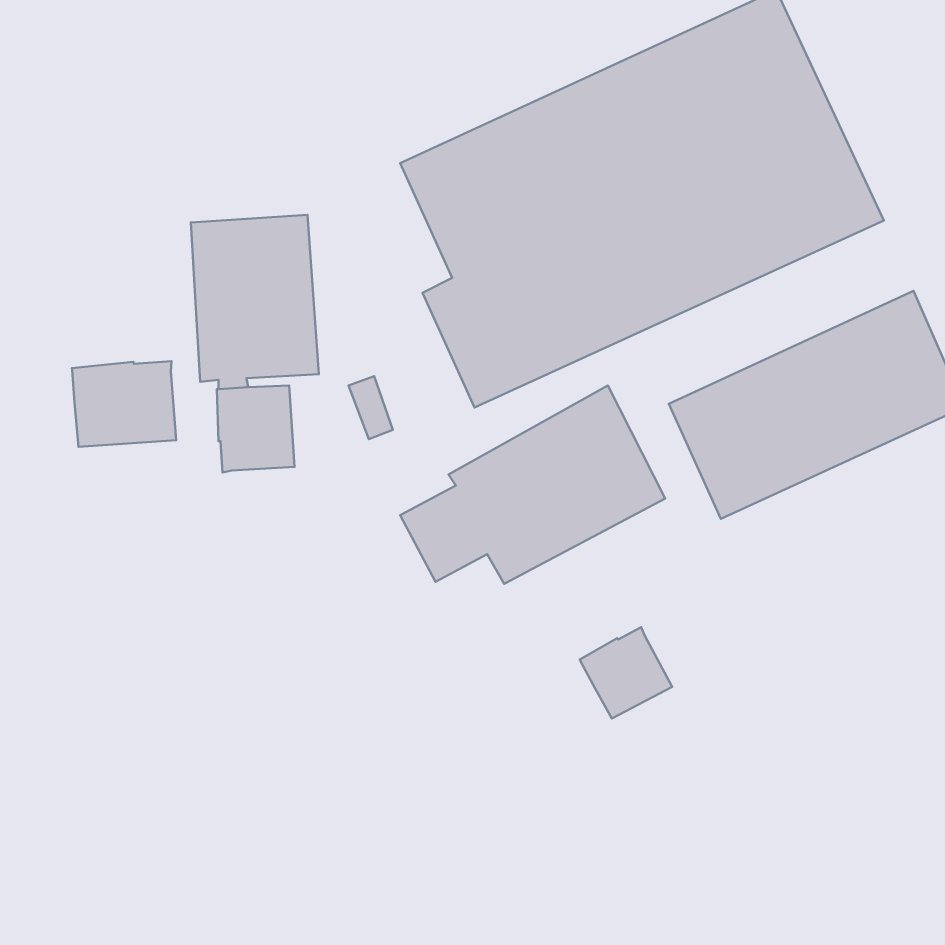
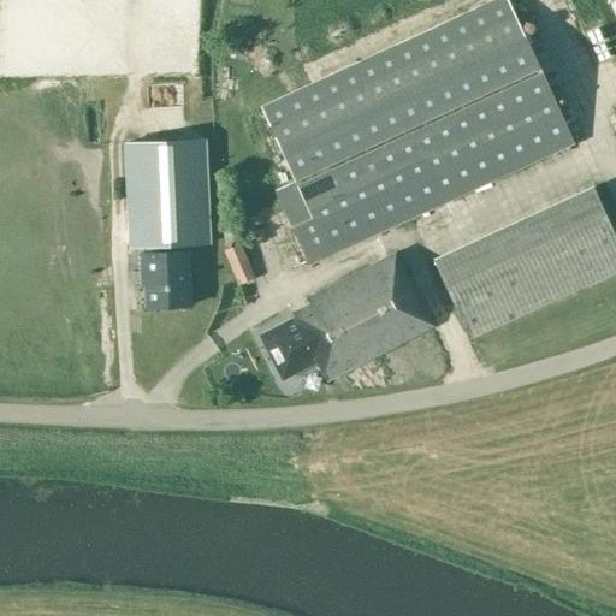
building: [72,361,176,447] -> none
building: [580,627,672,719] -> none

